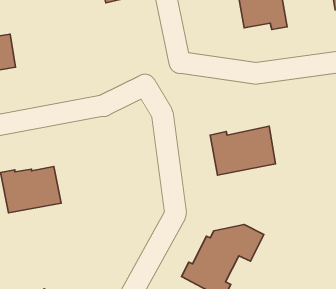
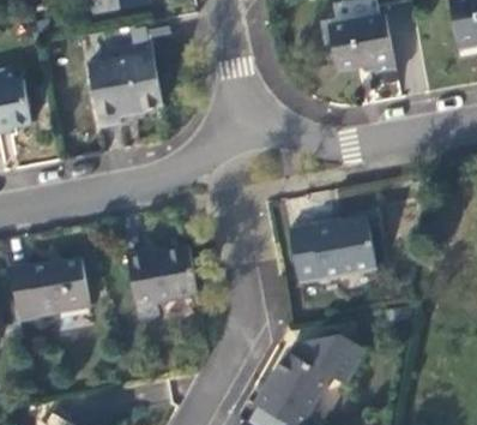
building: none -> [87,53,163,127]
building: none -> [126,245,197,316]

